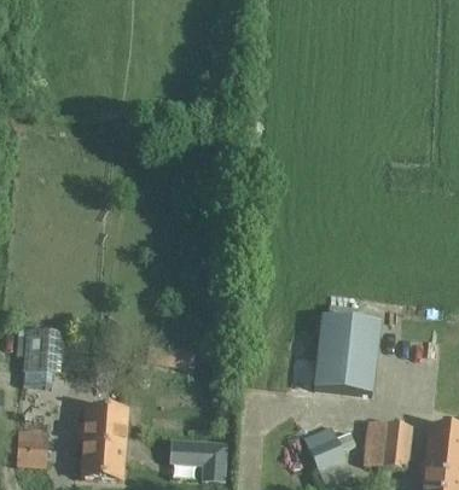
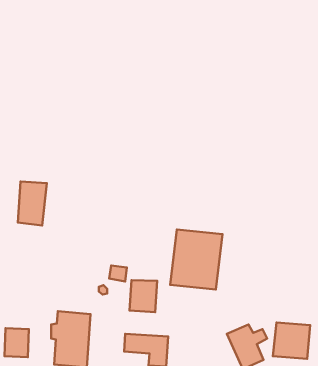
building: [313,315,380,392] -> [170,230,222,289]
building: [21,327,58,384] -> [18,181,47,225]
building: none -> [130,280,157,312]

